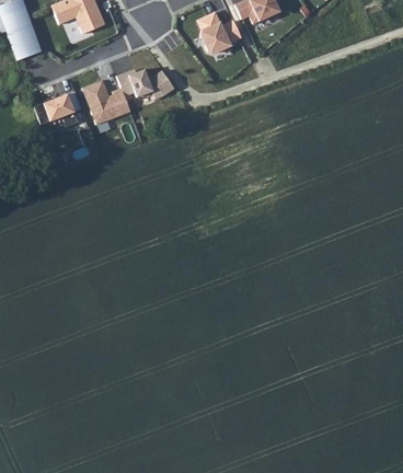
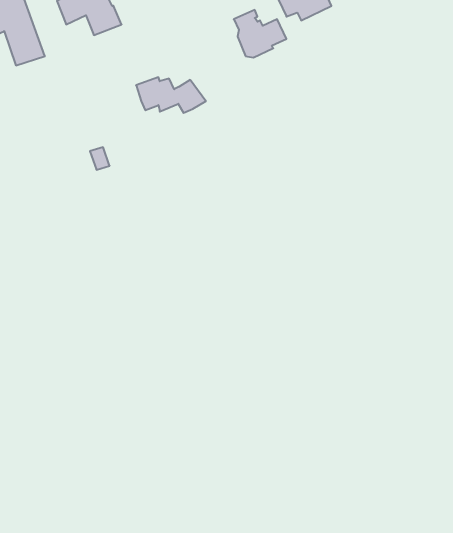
building: [82,80,129,124] -> none
building: [35,93,79,126] -> none

